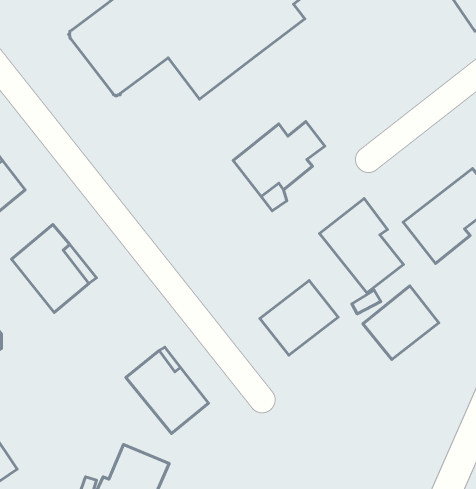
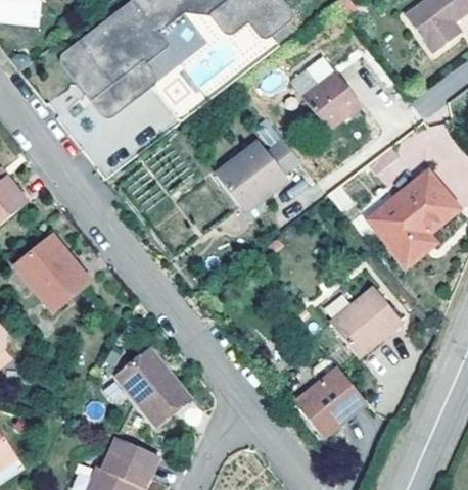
building: none -> [302,58,361,132]
building: [320,199,404,293] -> none
building: [260,280,338,355] -> [296,365,368,434]

